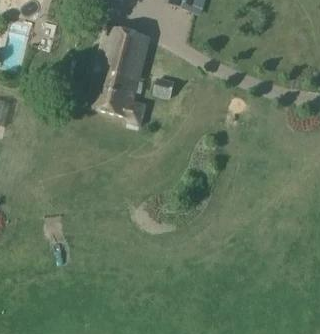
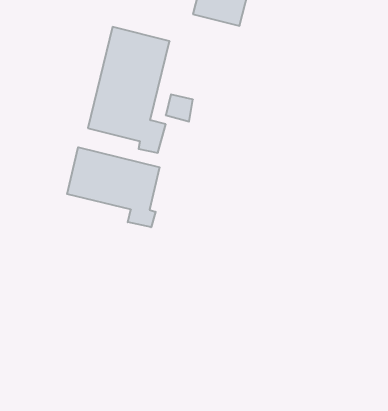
building: none -> [67,147,160,227]

